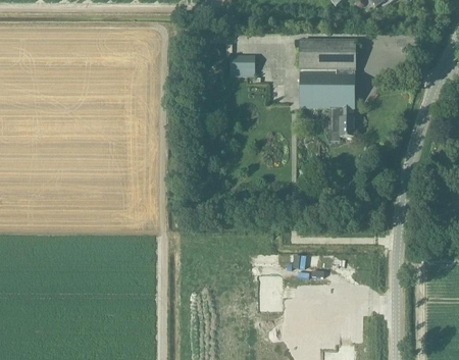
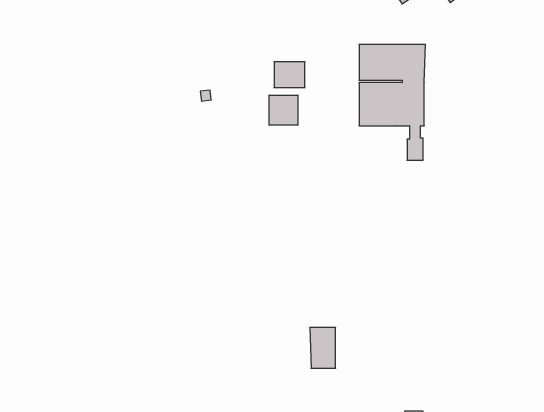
building: none -> [269,95,298,125]

